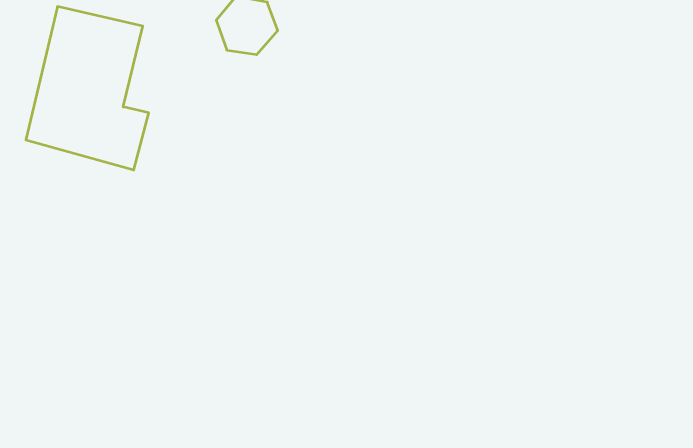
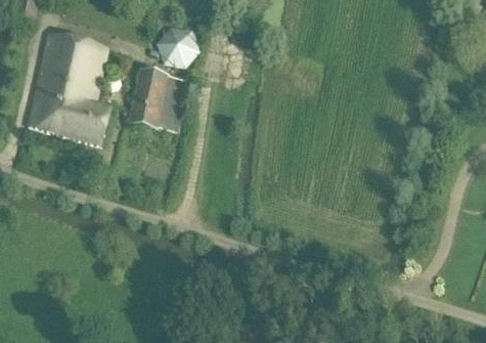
building: none -> [128,68,187,131]

